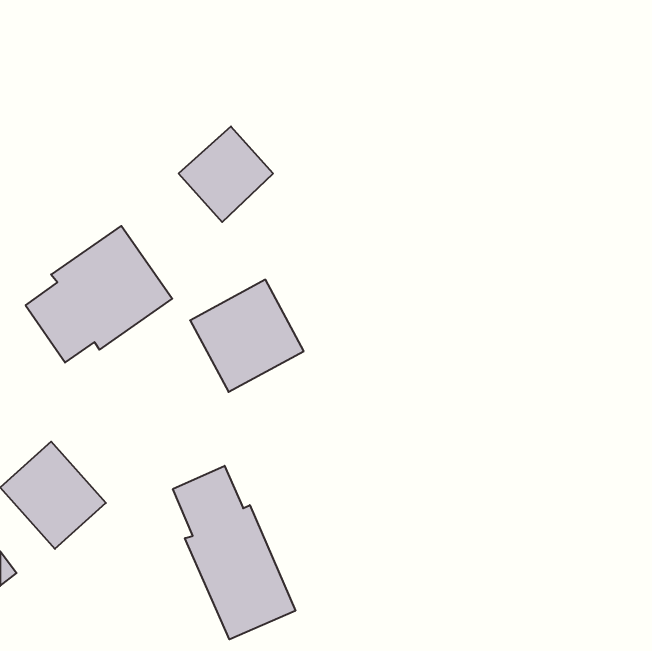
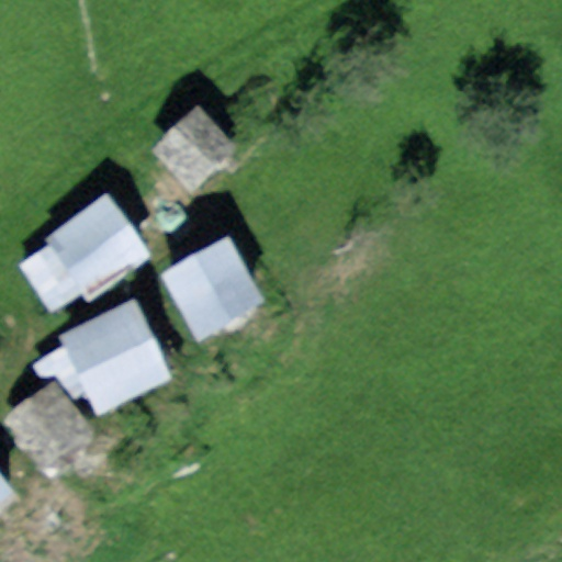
building: none -> [59,300,171,415]
building: [173,466,295,639] -> none

